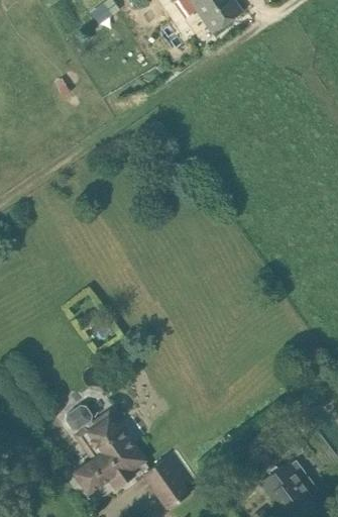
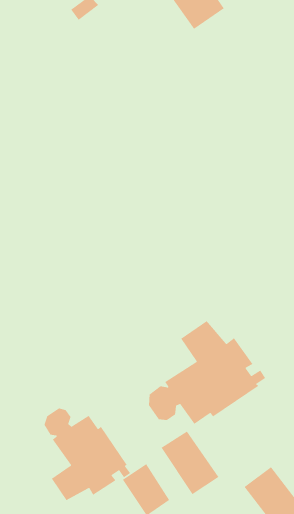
building: none -> [148,320,266,425]
building: none -> [161,431,219,495]

